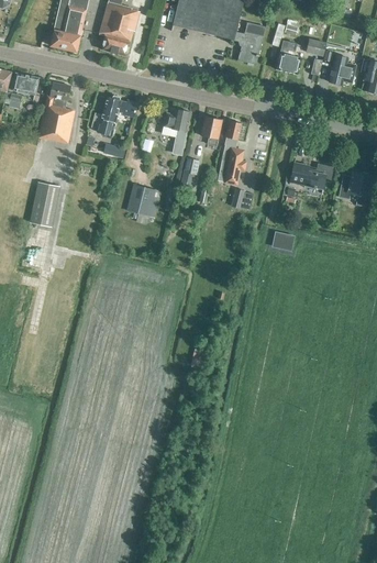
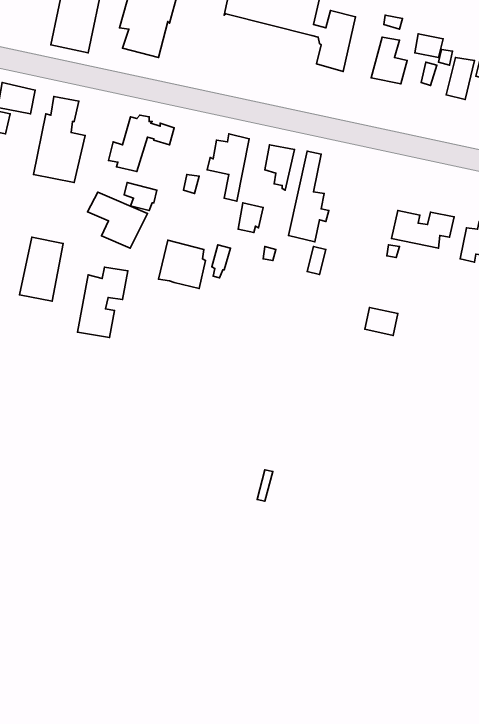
building: none -> [87,192,148,248]
building: none -> [77,267,128,337]

